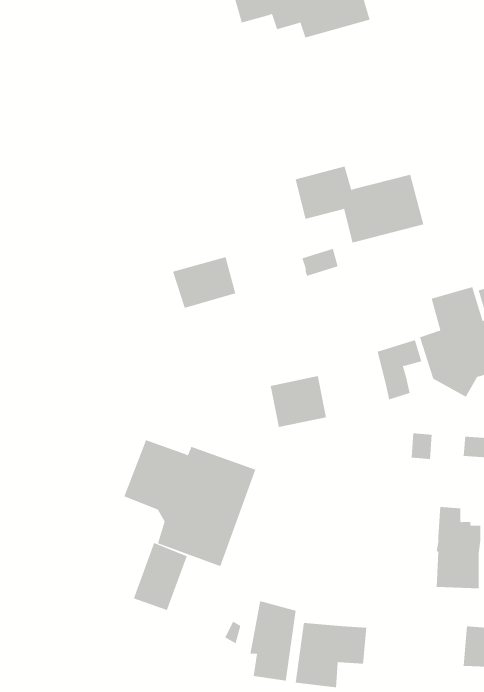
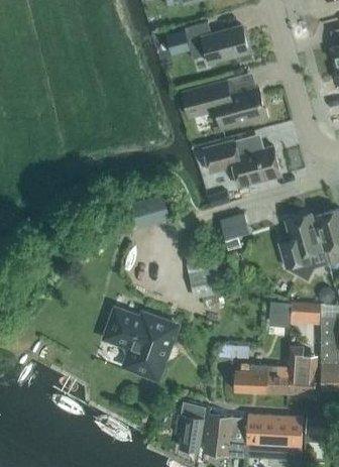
building: none -> [183,81,265,129]
building: [377,340,422,400] -> [220,214,247,250]
building: none -> [233,365,290,394]
building: [133,542,187,611] -> none
building: none -> [246,415,303,448]

